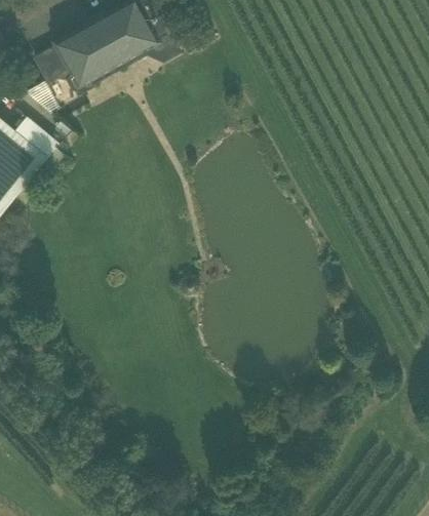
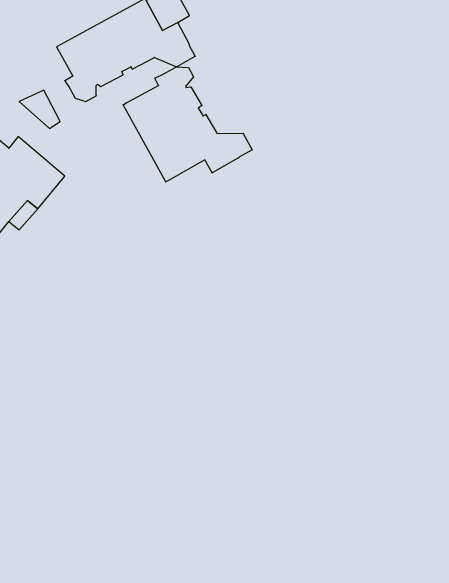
building: [33,44,69,80] -> none
building: none -> [123,67,252,182]

